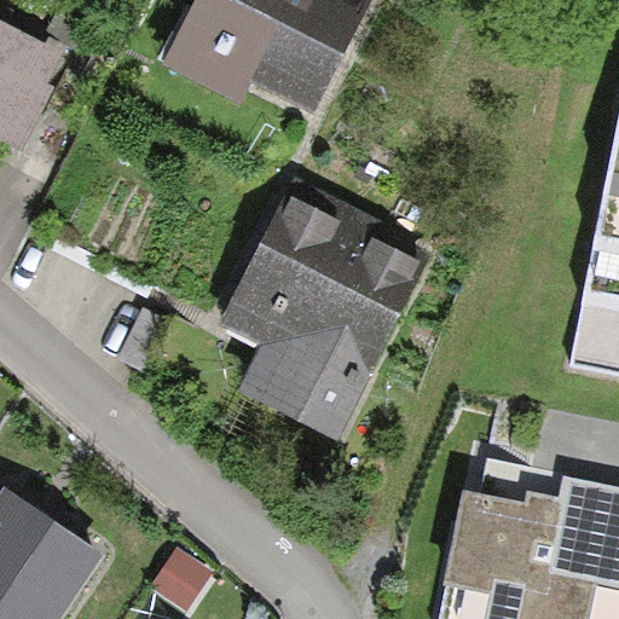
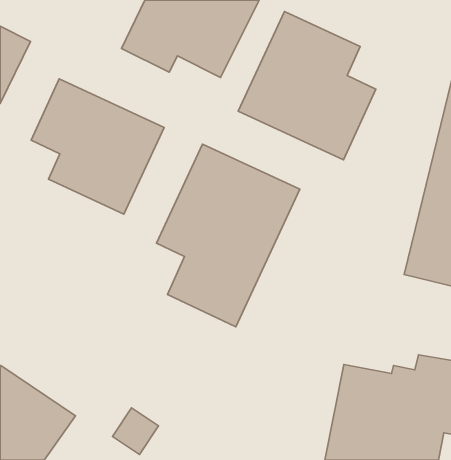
building: none -> [238,11,376,160]
building: none -> [31,79,164,214]

